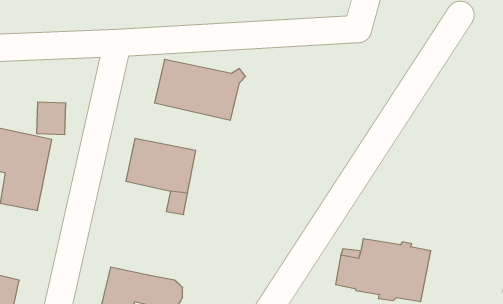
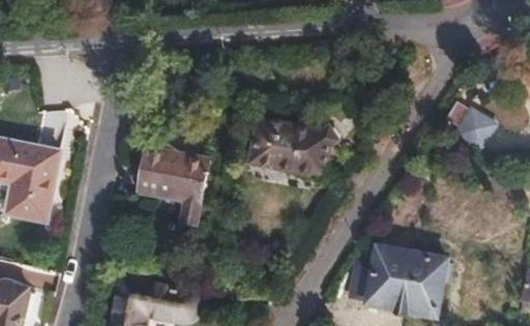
building: [154,59,246,120] -> [245,118,338,180]
building: none -> [459,107,498,146]

